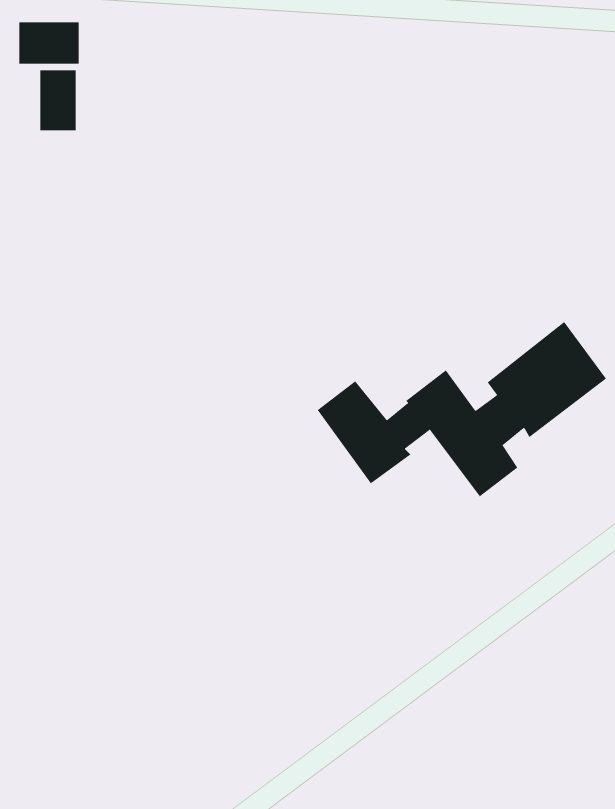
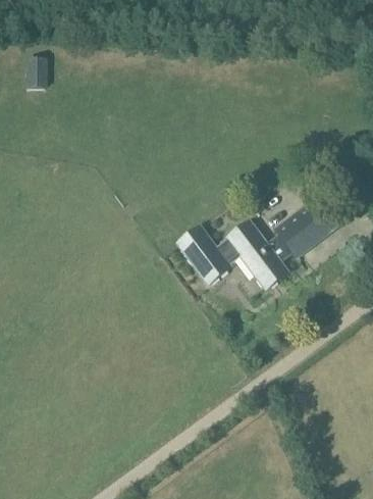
building: [19,21,79,64] -> none

